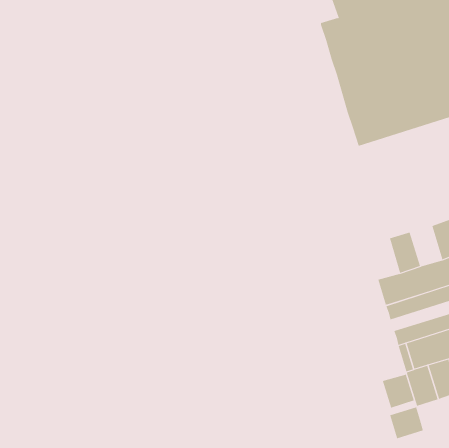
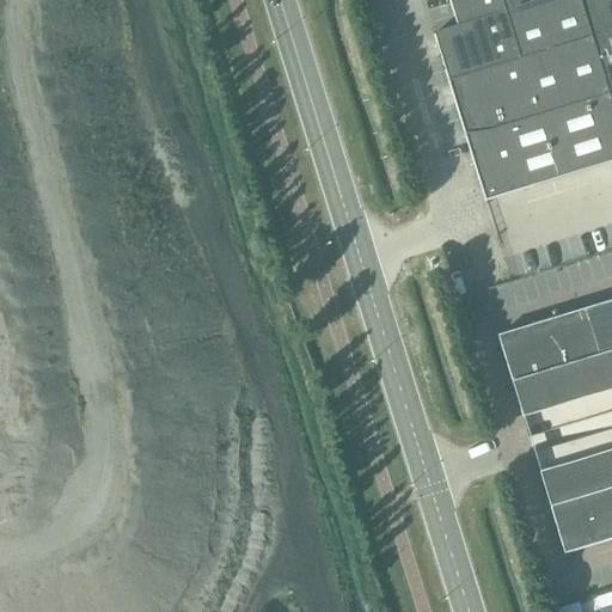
building: none -> [558,306,601,361]
building: none -> [500,323,544,379]
building: [382,374,414,408] -> none
building: [390,407,424,439] -> none

